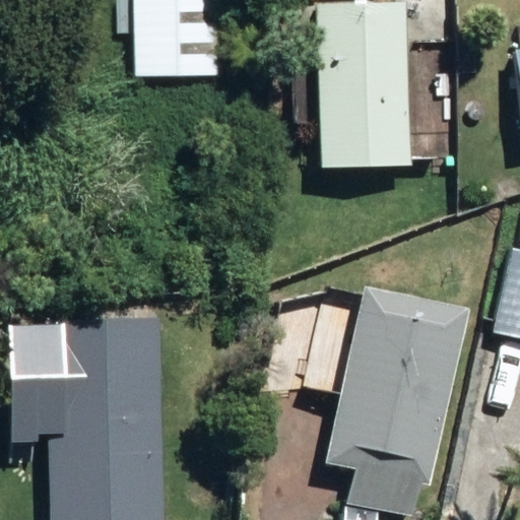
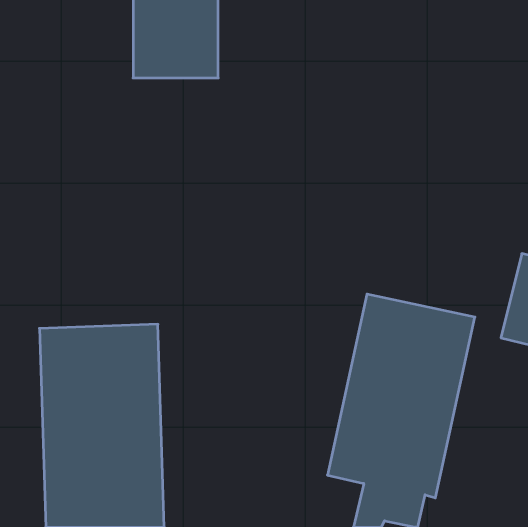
building: [316,4,410,168] -> none

